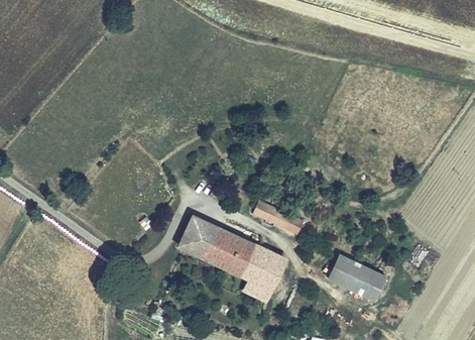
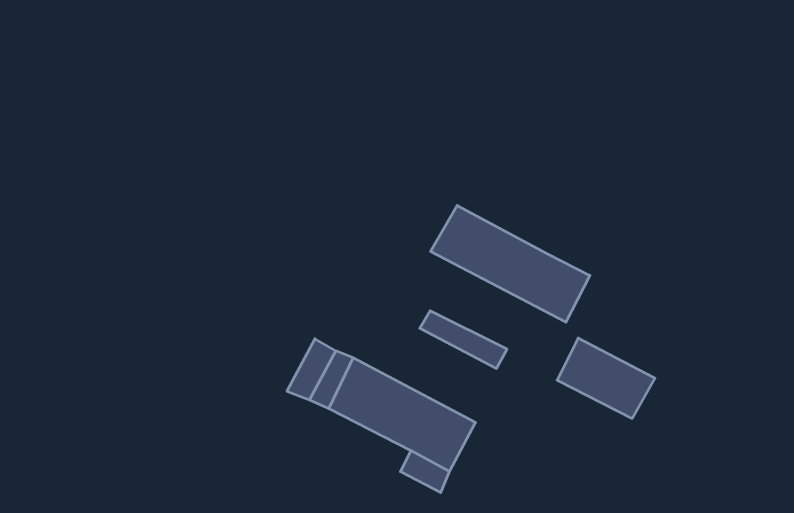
building: none -> [431,205,590,322]
building: [329,254,385,301] -> [557,338,655,418]

